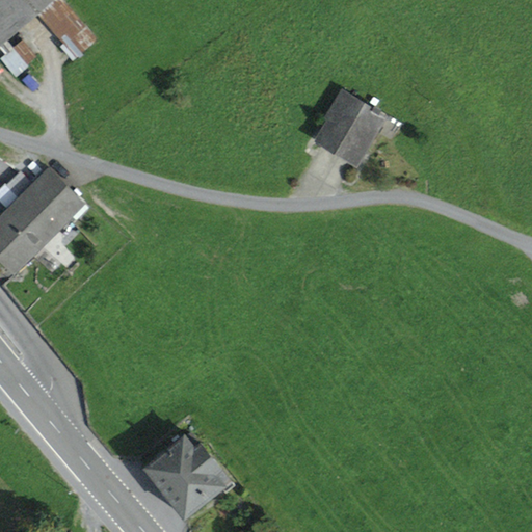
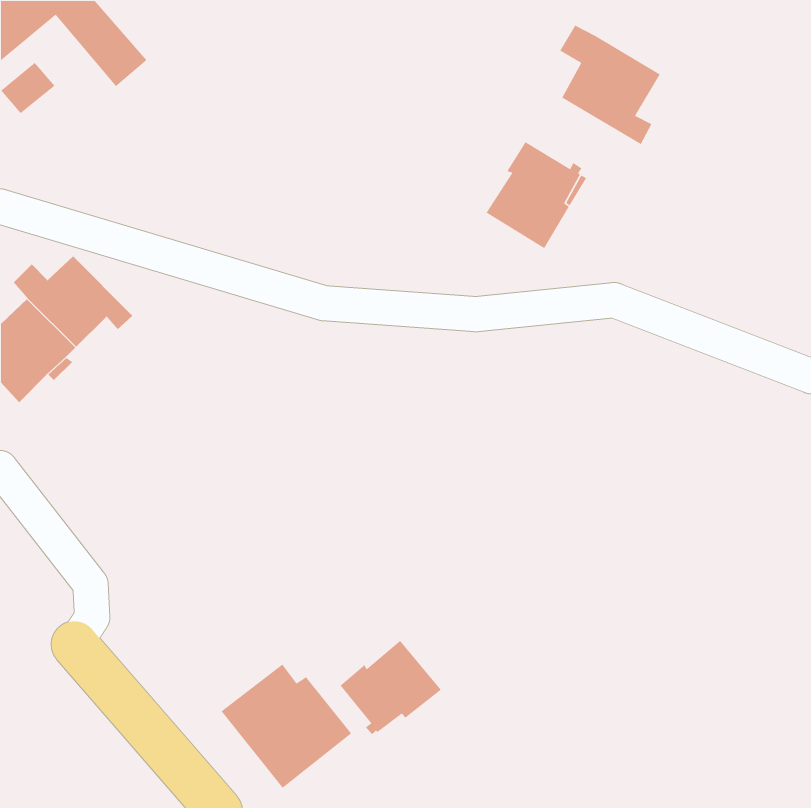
building: none -> [559,25,661,145]
building: none -> [339,640,442,735]

